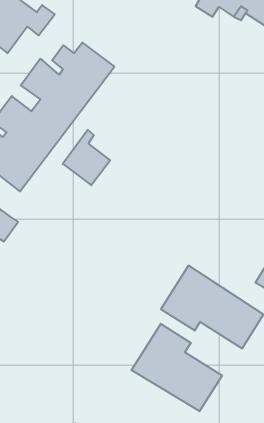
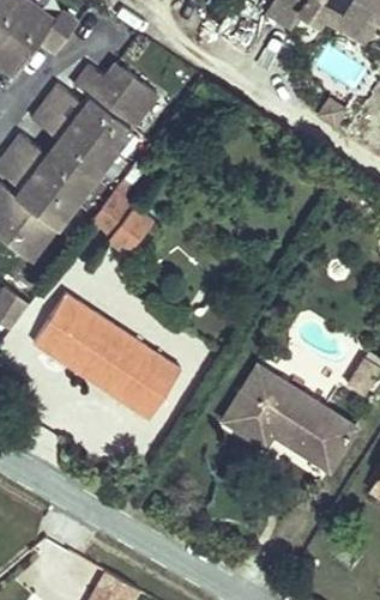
building: none -> [34,293,181,419]
building: [132,324,222,411] -> none

